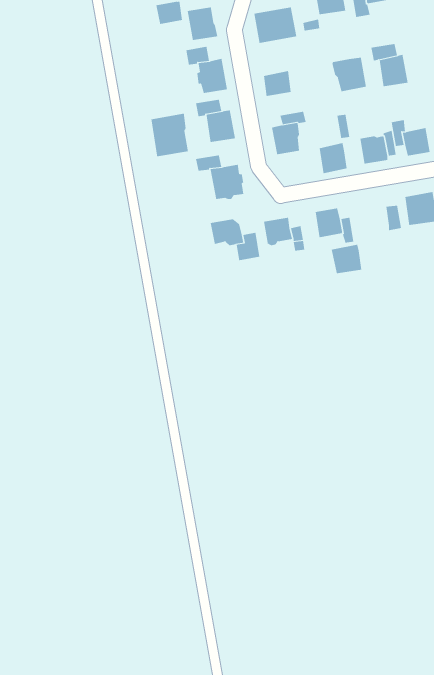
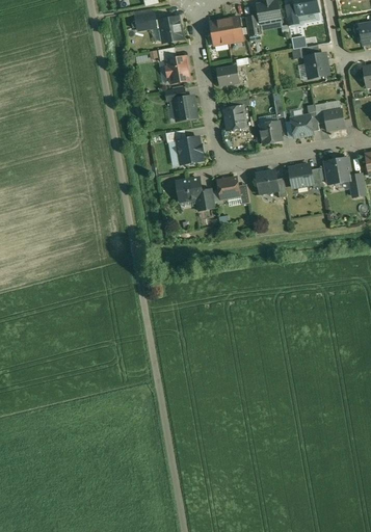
building: [332,57,366,92] -> none
building: [151,113,189,157] -> none
building: [331,244,362,274] -> [289,164,313,187]

